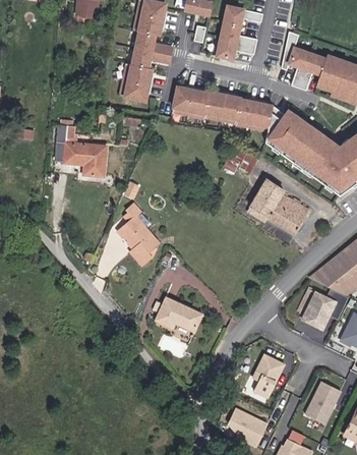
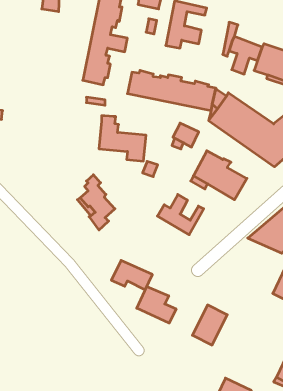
building: [55,127,109,179] -> [99,116,146,161]
building: none -> [157,194,204,235]
building: [301,289,339,330] -> none
building: none -> [137,286,176,323]
building: [305,380,343,422] -> none
building: [225,406,269,445] -> none

